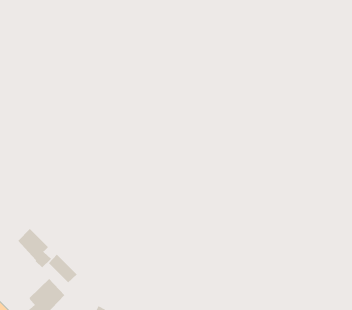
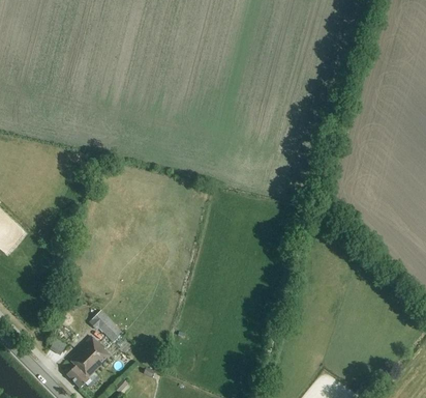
building: [17,228,52,268] -> none

